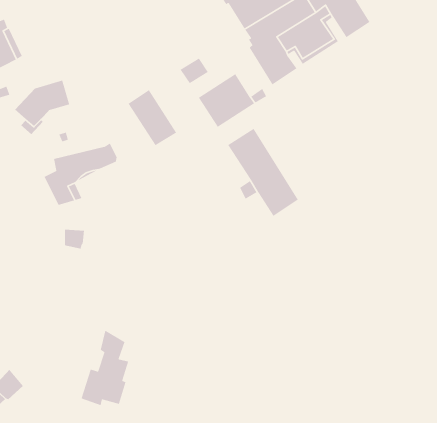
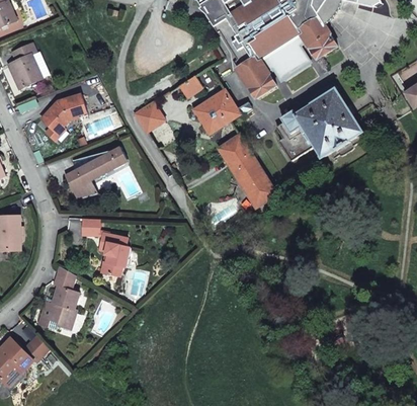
building: none -> [275,89,363,160]
building: none -> [100,232,130,275]
building: [80,330,129,406] -> [38,265,79,329]

